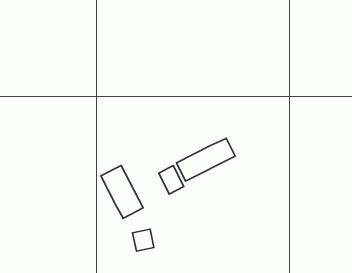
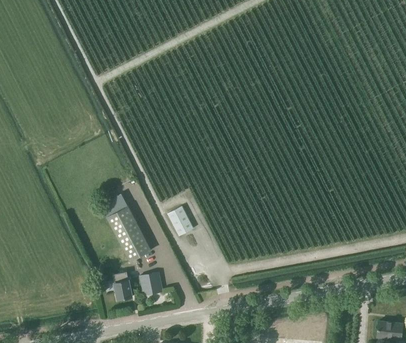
building: [176,138,235,181] -> none
building: none -> [112,272,132,300]

